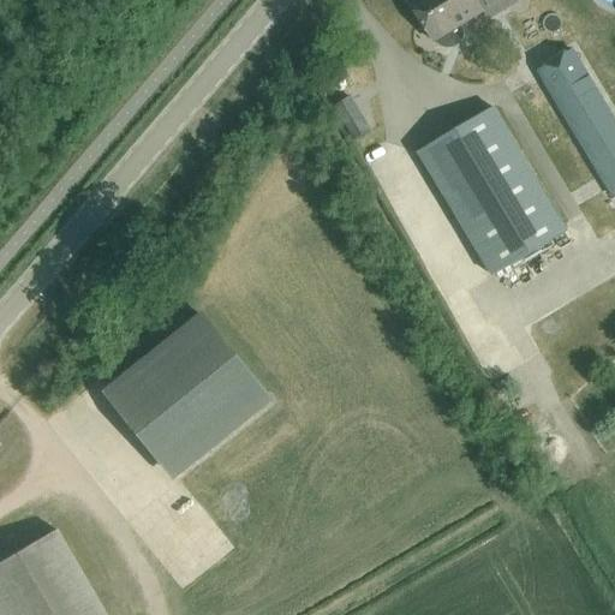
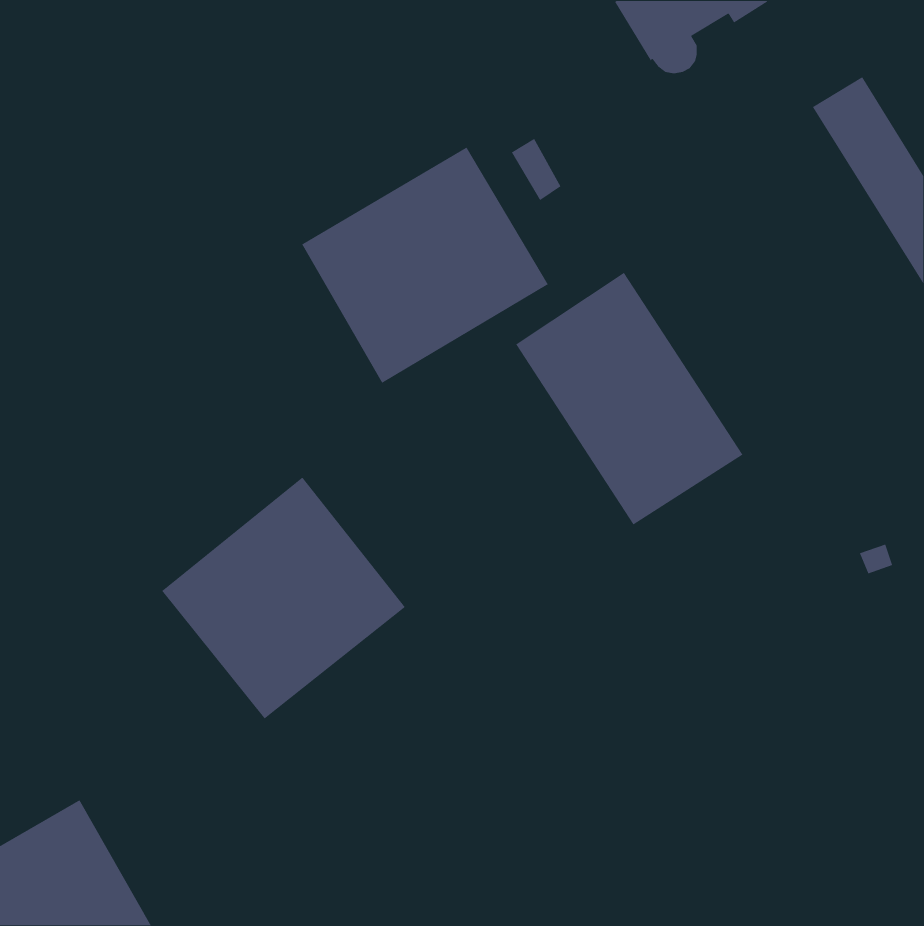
building: none -> [301,147,549,384]
building: [418,106,569,274] -> [515,272,744,526]

